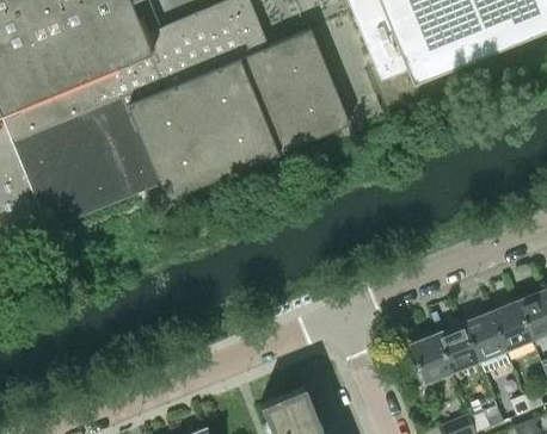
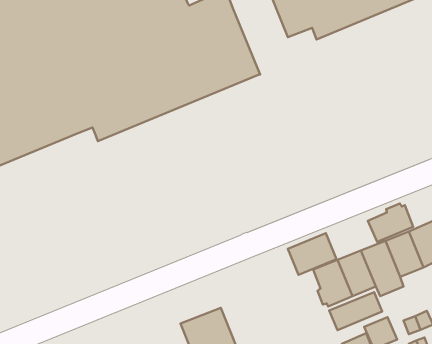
building: none -> [368,203,413,242]
building: none -> [288,233,336,275]
building: none -> [329,292,382,330]

